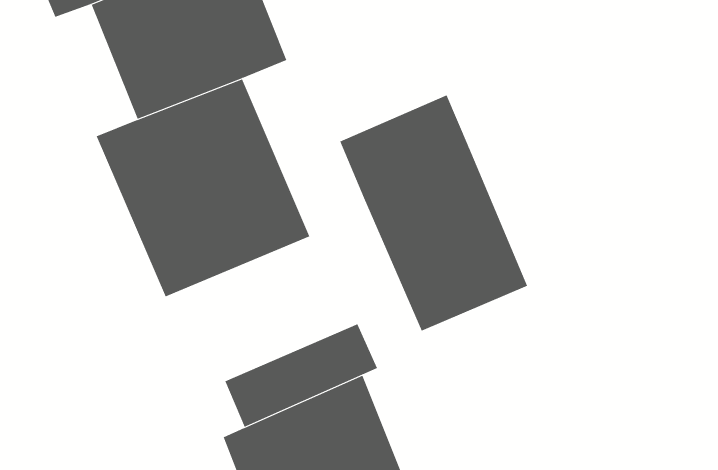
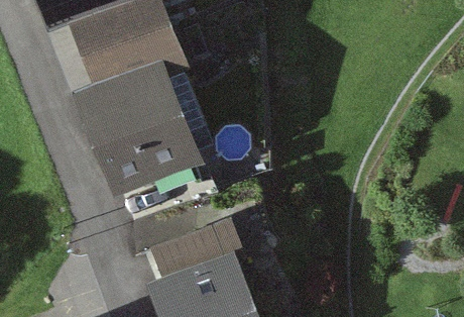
building: [339,95,528,332] -> none

